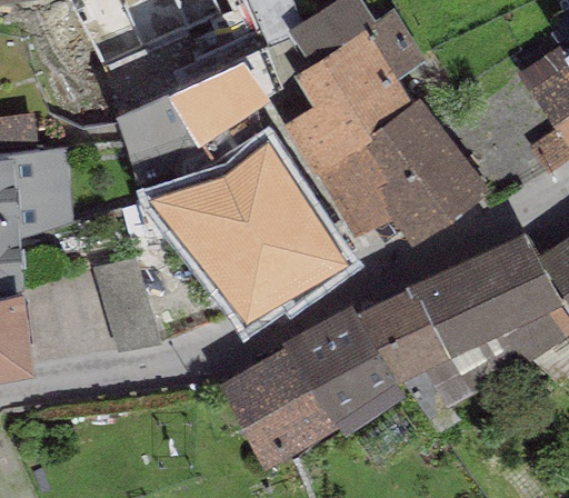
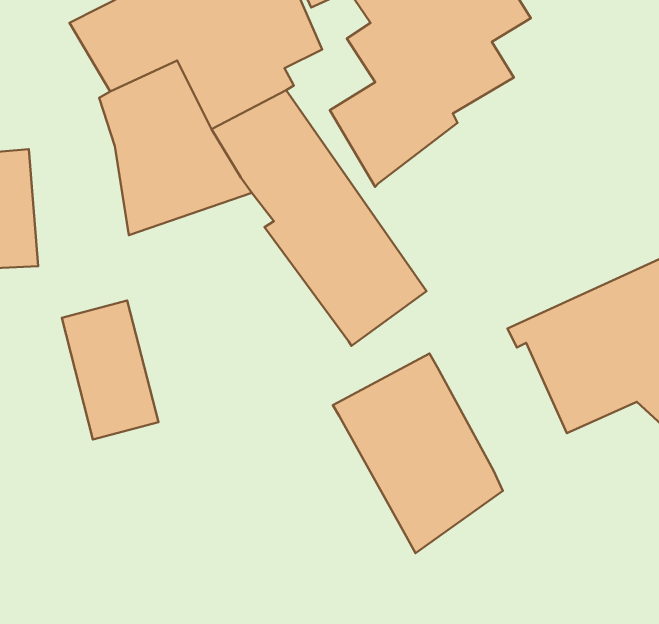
building: [315,100,488,250] -> none
building: [190,211,293,325] -> none
building: [357,283,449,385] -> none
building: [216,346,335,471] -> none

